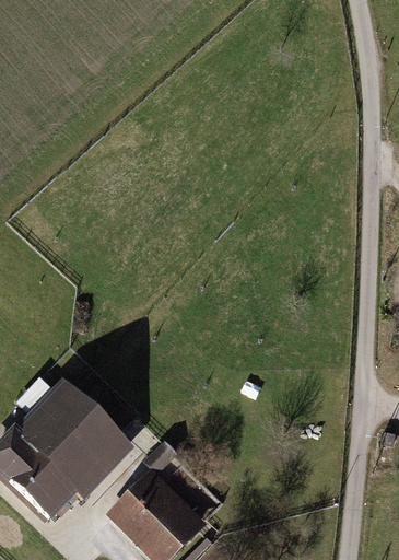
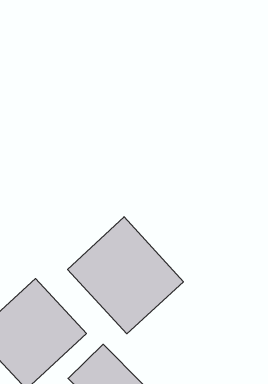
building: none -> [68,217,183,334]

